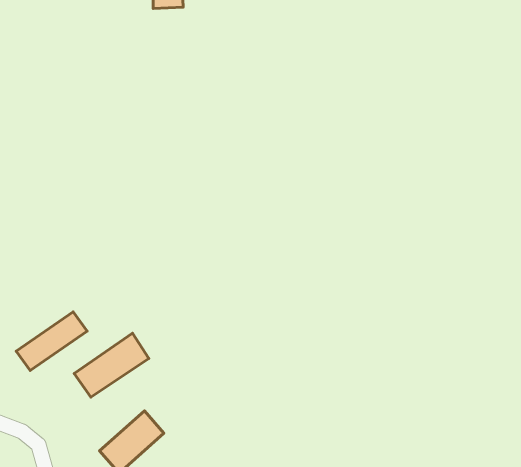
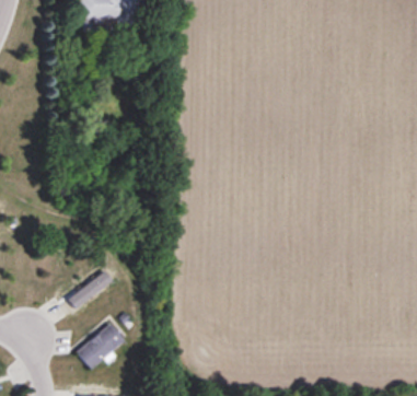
building: [16,312,87,370] -> none

